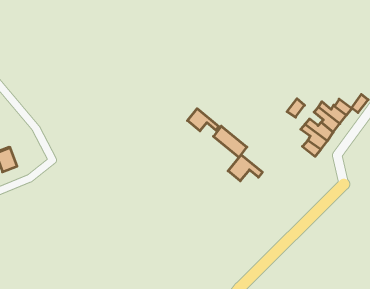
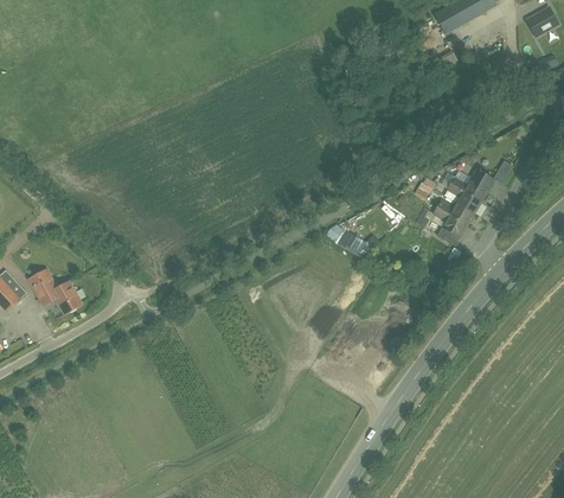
building: [187,109,219,131] -> none
building: [228,155,262,181] -> none

